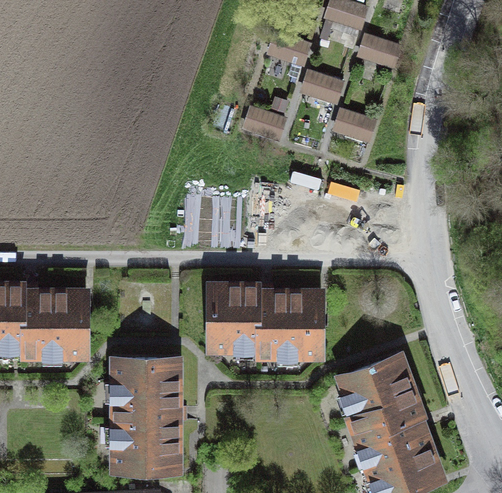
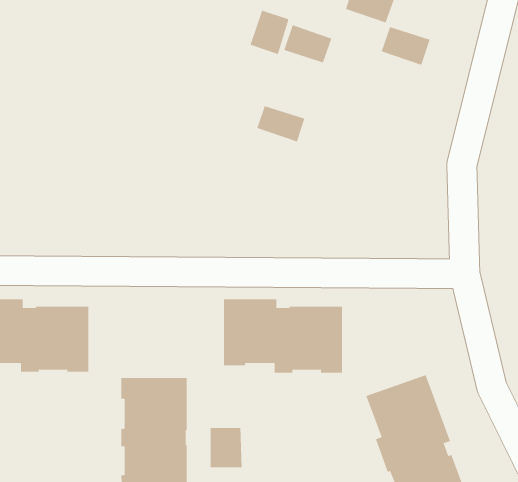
building: none -> [250,10,289,55]
building: [300,69,345,105] -> none
building: [333,108,377,142] -> none
building: none -> [210,427,242,468]

